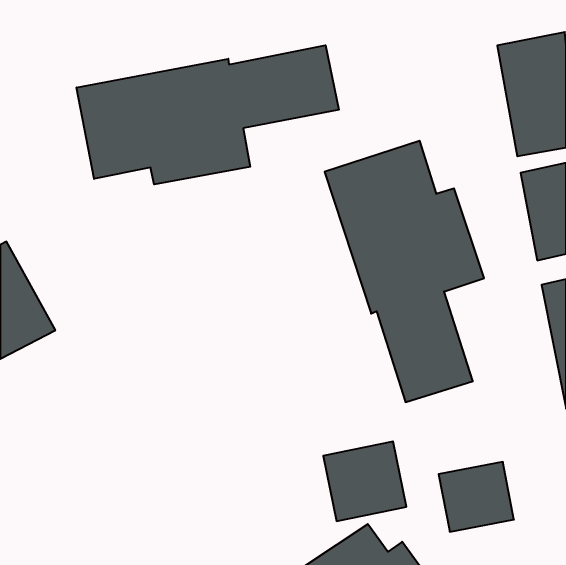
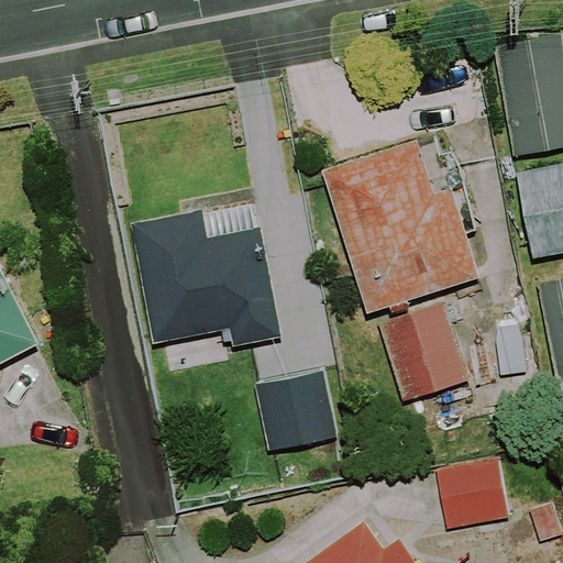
building: [77,45,339,184] -> none
building: none -> [130,203,280,346]
building: [323,441,406,521] -> [255,372,338,451]

